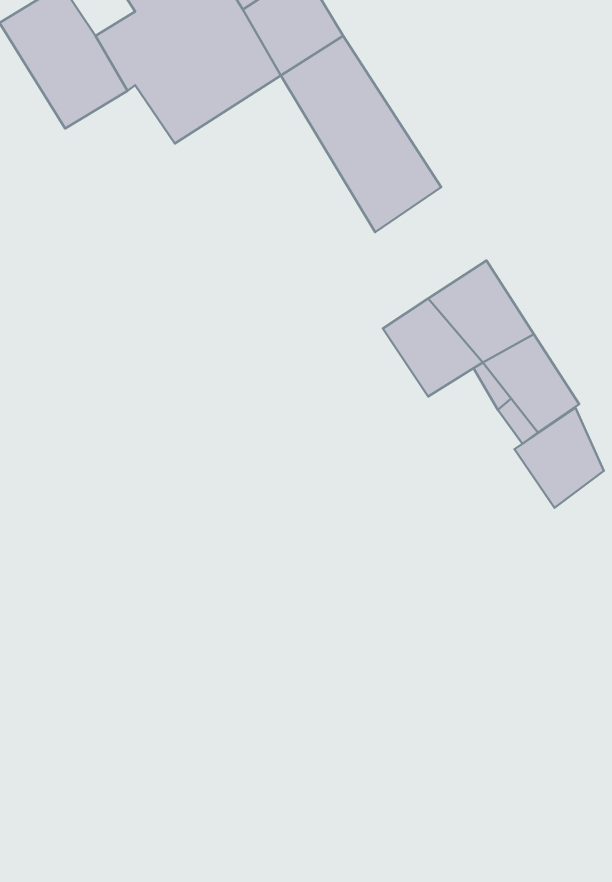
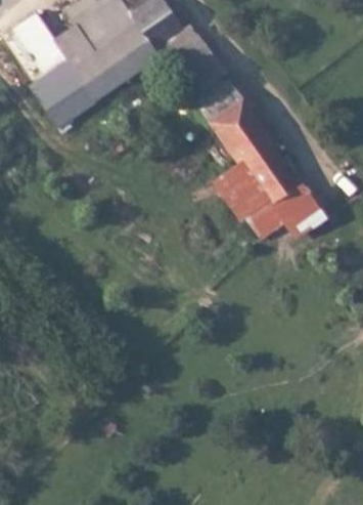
building: none -> [45,59,109,119]
building: none -> [218,115,278,175]
building: [515,408,604,508] -> none

